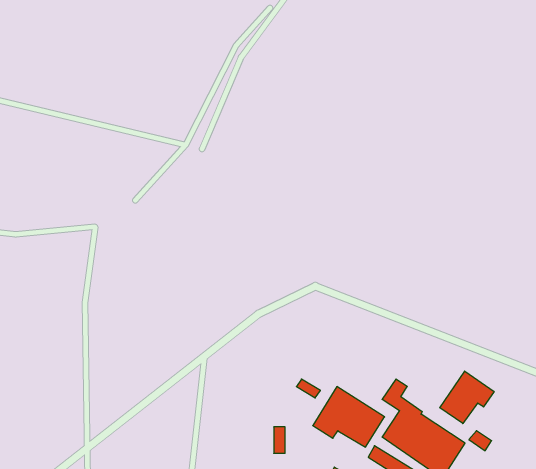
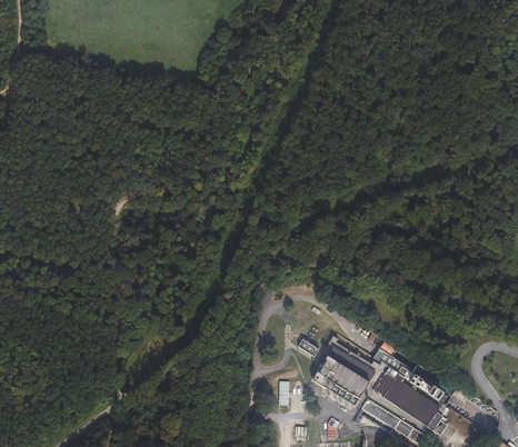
building: [440,371,494,424] -> none

